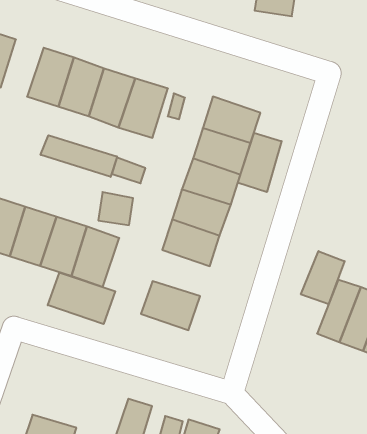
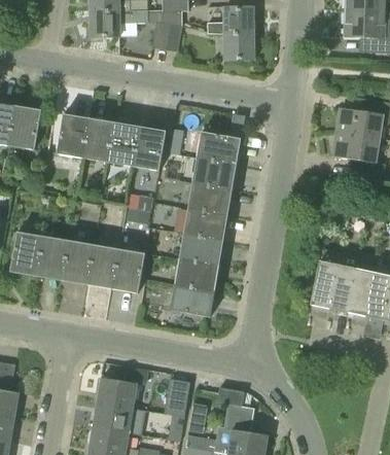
building: [238,133,282,192] -> none
building: [41,135,117,177] -> none
building: none -> [175,257,218,289]
building: [301,251,345,304] -> none
building: [48,272,115,324] -> none
building: none -> [97,377,136,407]

